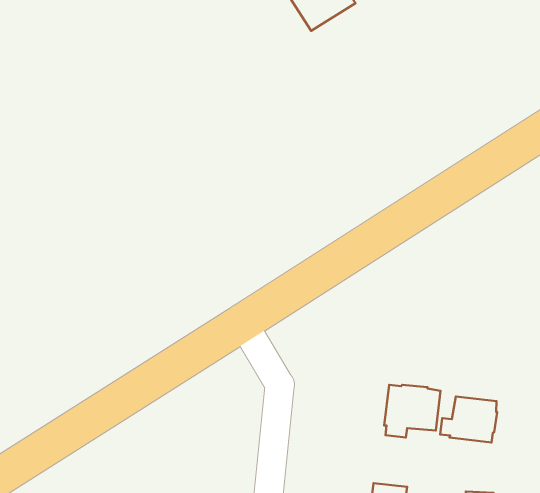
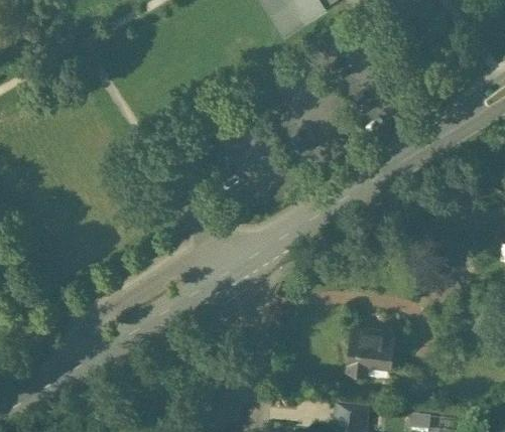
building: [440,396,497,442] -> none

